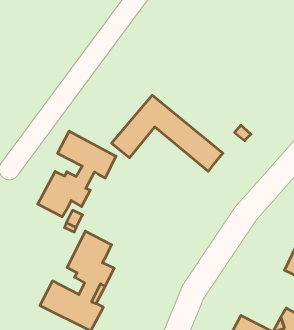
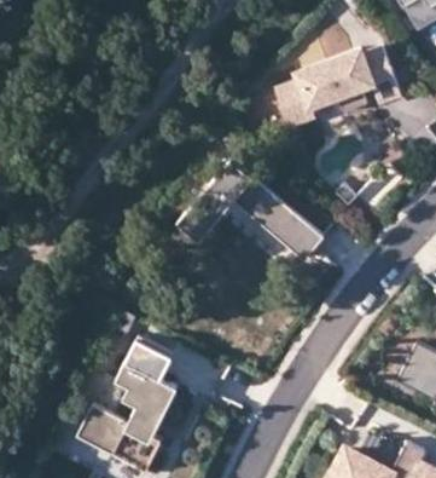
building: none -> [274,41,399,123]
building: [38,131,116,217] -> none

